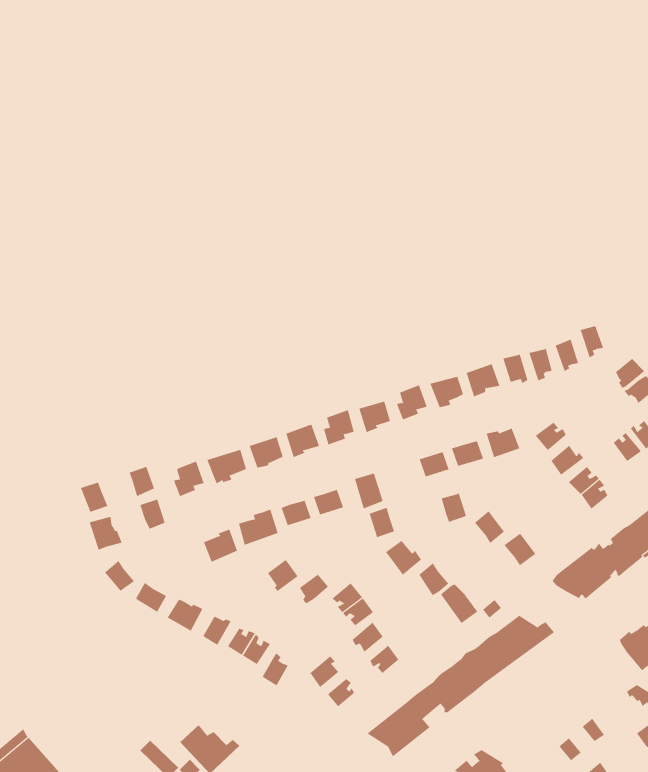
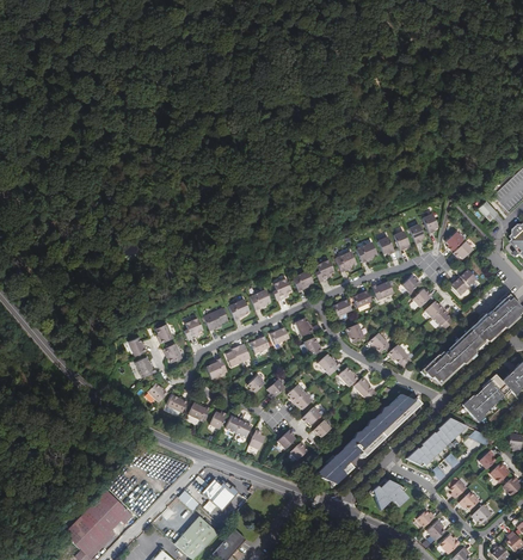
building: none -> [406,417,468,466]

